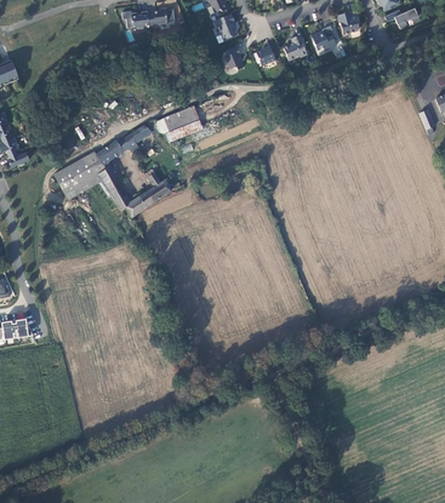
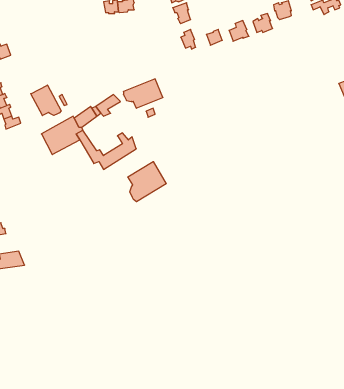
building: none -> [31,85,61,116]
building: none -> [128,162,166,202]

